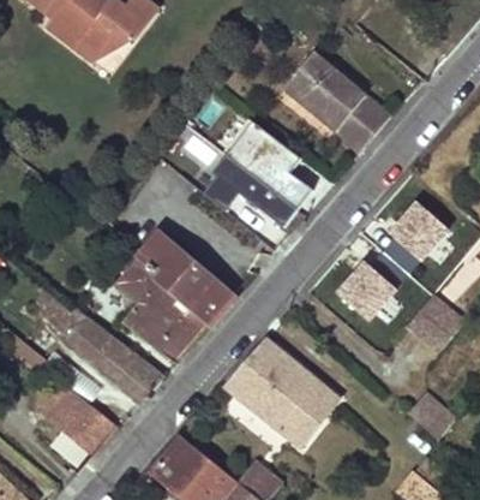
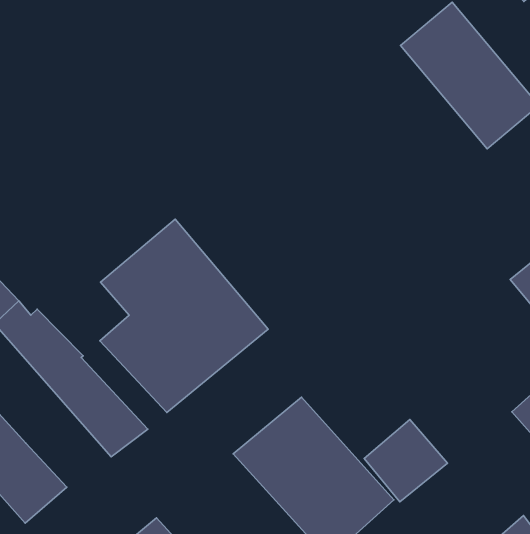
building: [202,120,308,228] -> none
building: [340,264,396,321] -> [364,419,447,502]

